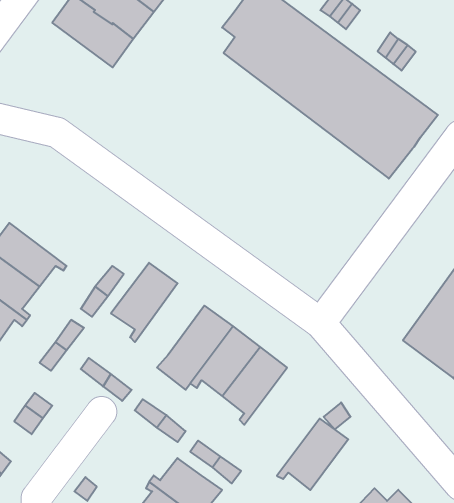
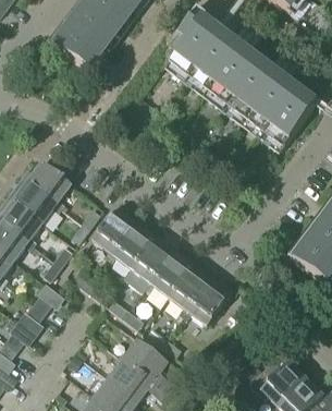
building: none -> [23,161,72,207]
building: none -> [109,219,157,268]
building: [277,419,348,490] -> [184,277,233,326]

